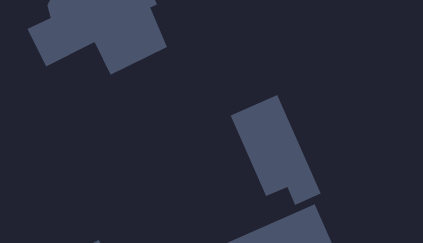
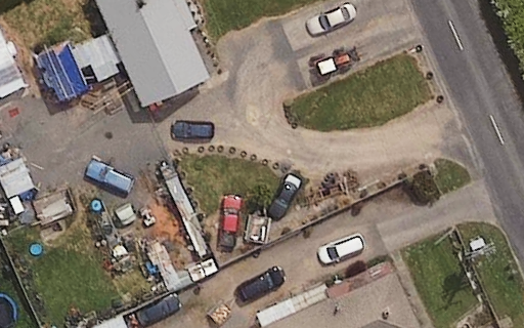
building: [230,94,321,206] -> none

